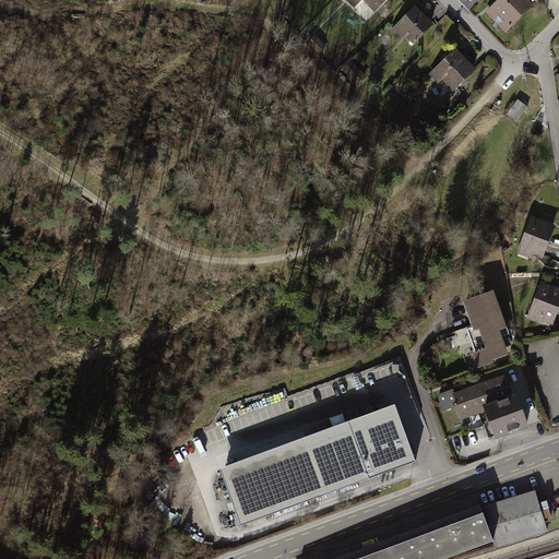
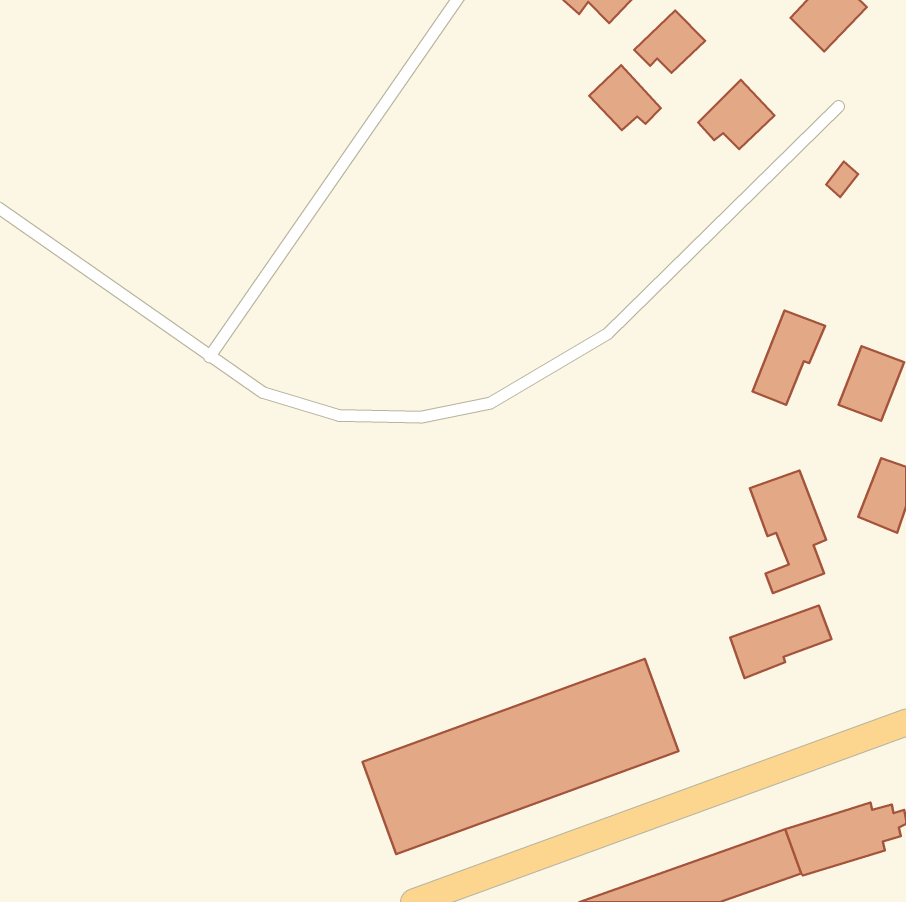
building: none -> [589,65,661,130]
building: none -> [753,310,825,405]
building: [481,392,526,437] -> none

